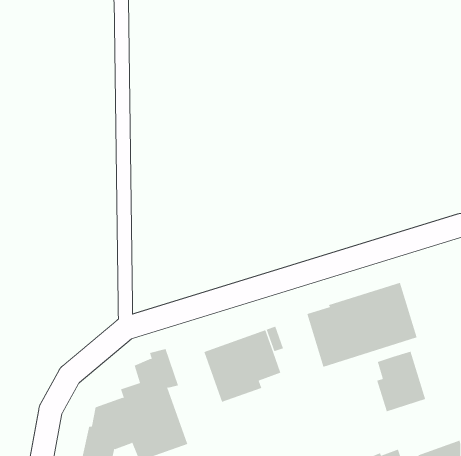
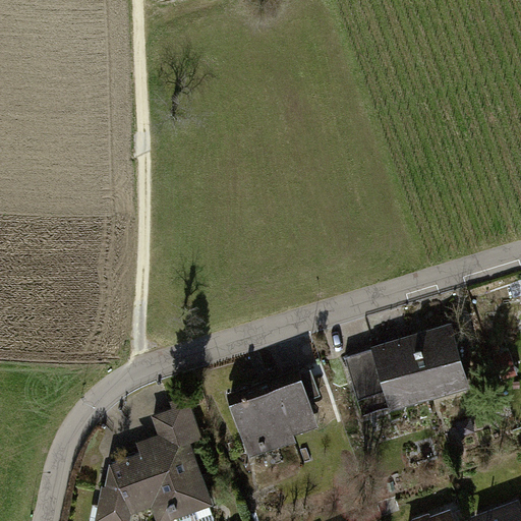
building: [376,351,426,412] -> none

